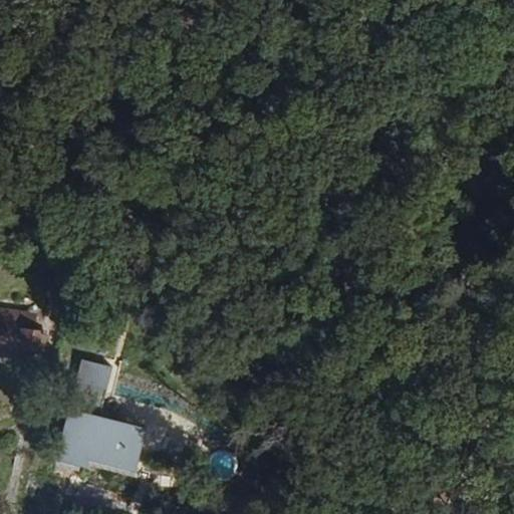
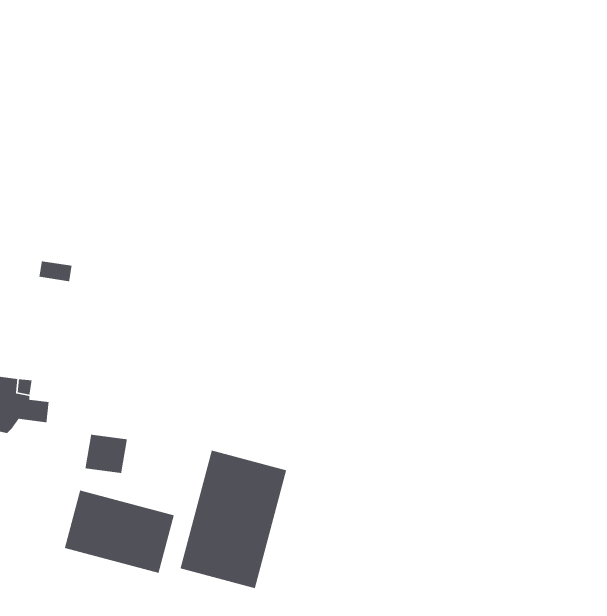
building: none -> [180,450,287,589]

